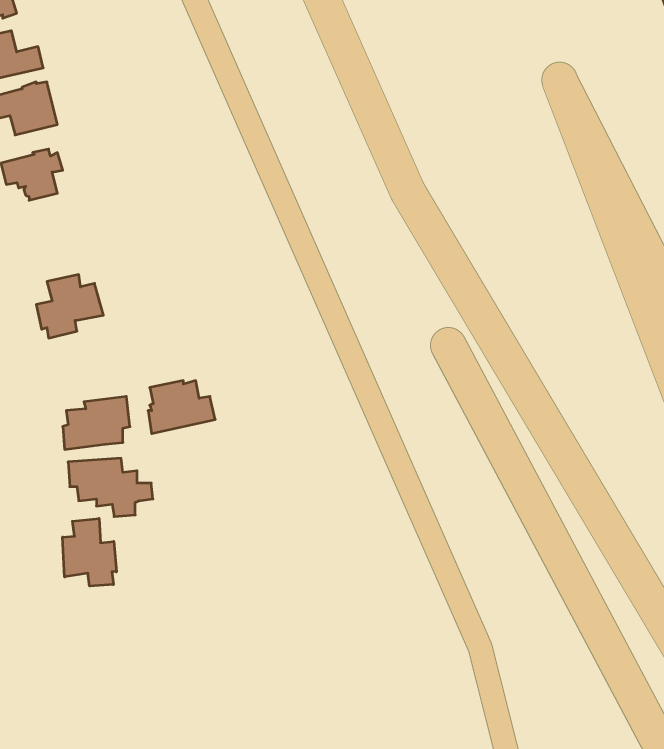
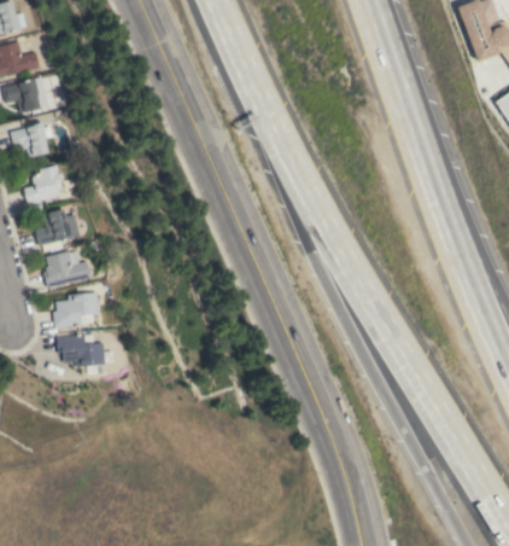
building: none -> [24,164,64,203]
building: [148,381,215,434] -> [45,250,90,286]
building: [63,518,116,586] -> none

